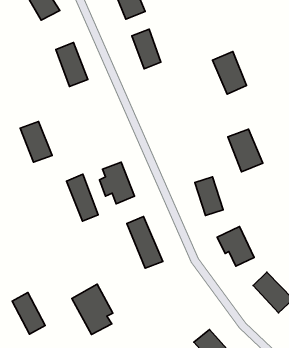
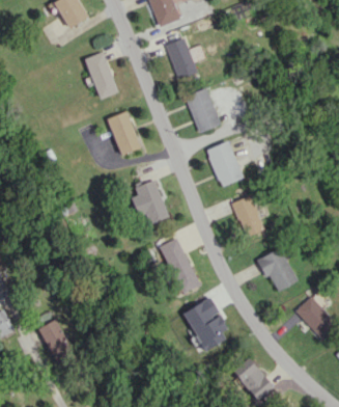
building: [213,51,247,94] -> [185,87,221,133]
building: [20,121,52,162] -> [107,111,141,155]
building: [228,129,263,172] -> [206,141,244,187]
building: [67,174,98,221] -> none
building: [72,284,113,335] -> [183,297,227,351]

